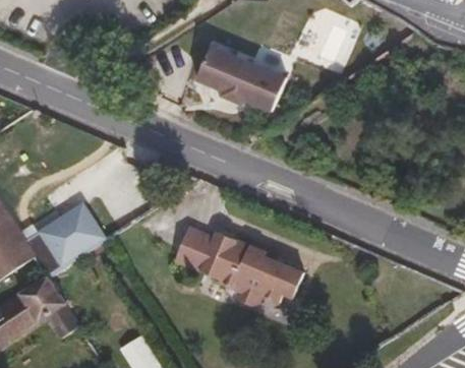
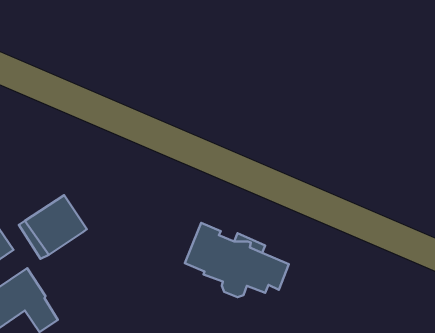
building: [196,46,285,111] -> none
building: [177,227,215,270] -> none

